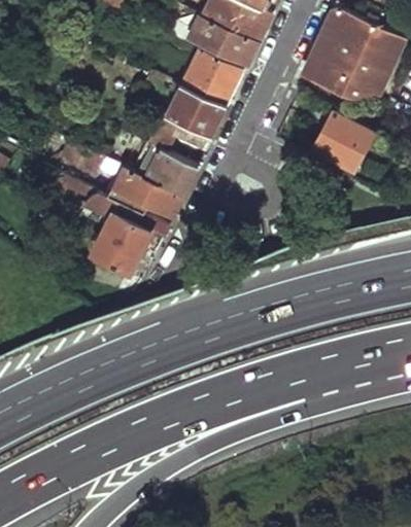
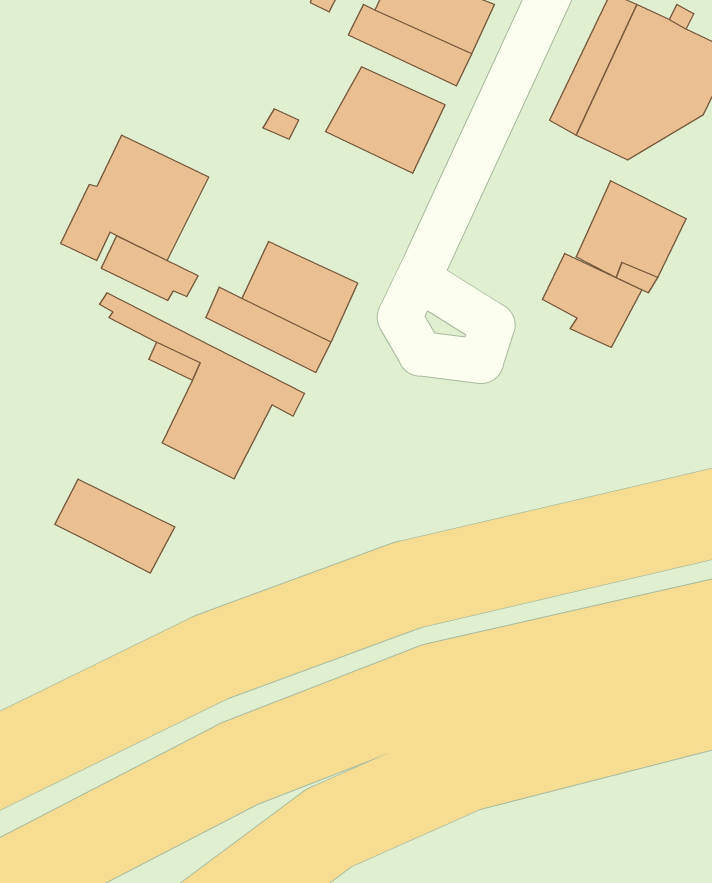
building: [146,84,227,152] -> [61,135,209,261]
building: none -> [543,253,642,347]
building: none -> [55,479,175,573]

